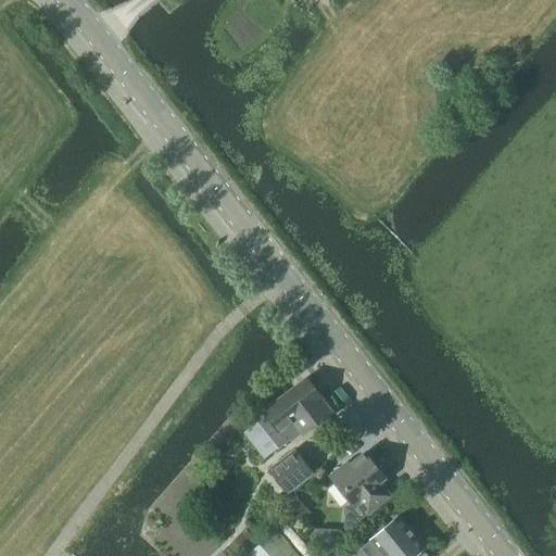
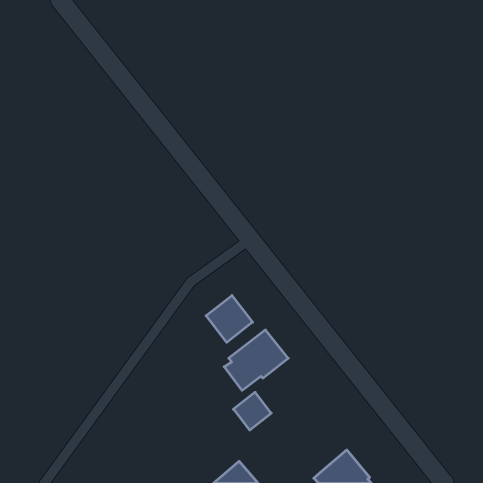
building: none -> [206,295,253,342]
building: [329,453,391,521] -> none

